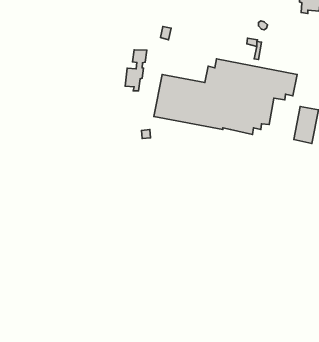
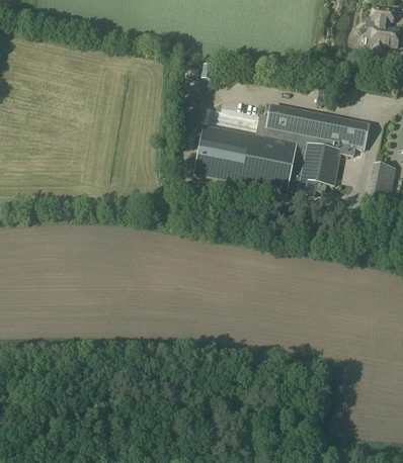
building: [125,50,147,91] -> none

